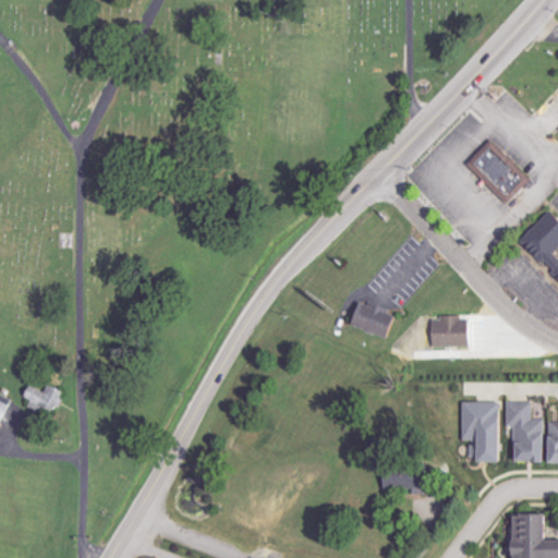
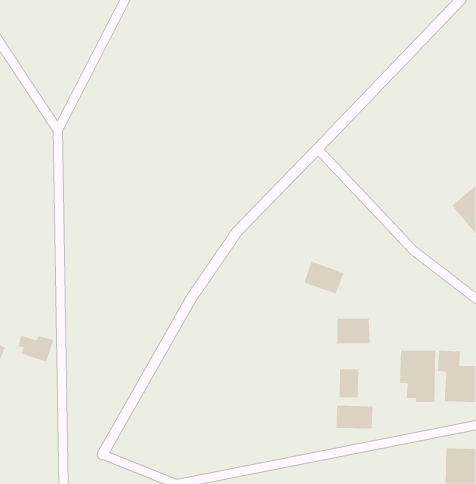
building: [464,138,529,204] -> none
building: [428,317,468,347] -> [336,318,371,344]
building: none -> [339,368,359,398]

